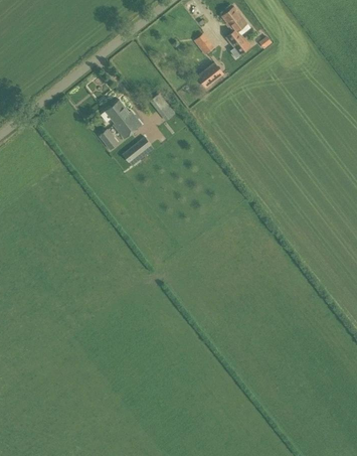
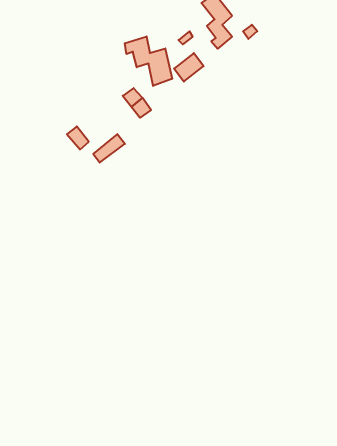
building: none -> [125,36,172,86]
building: [101,100,141,138] -> none

